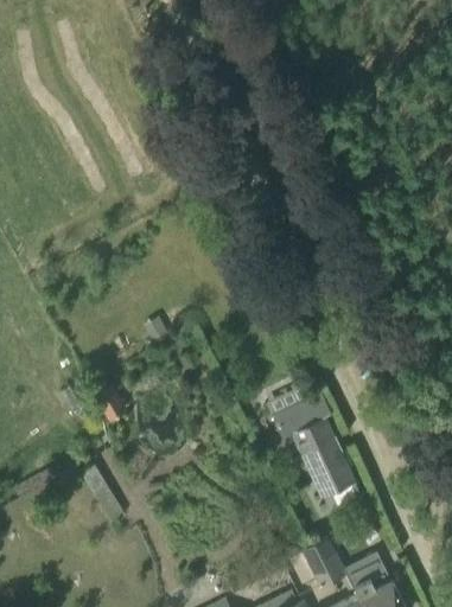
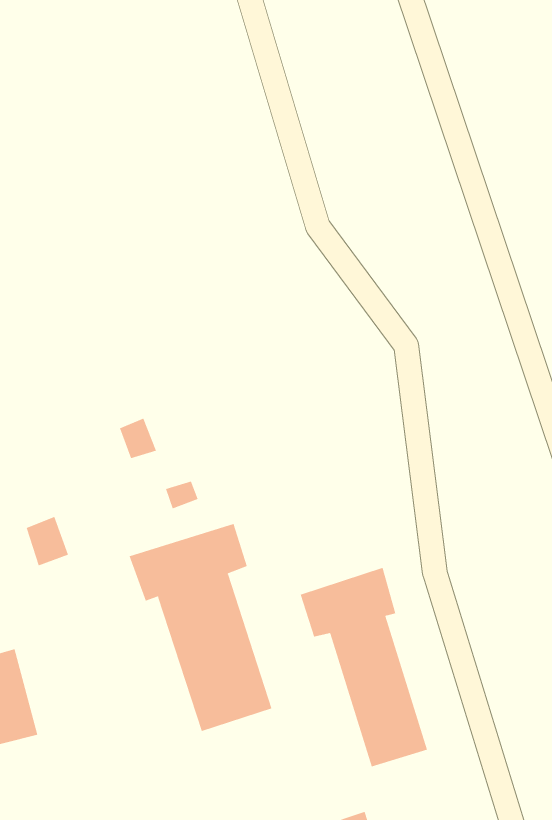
building: none -> [129,523,272,732]

